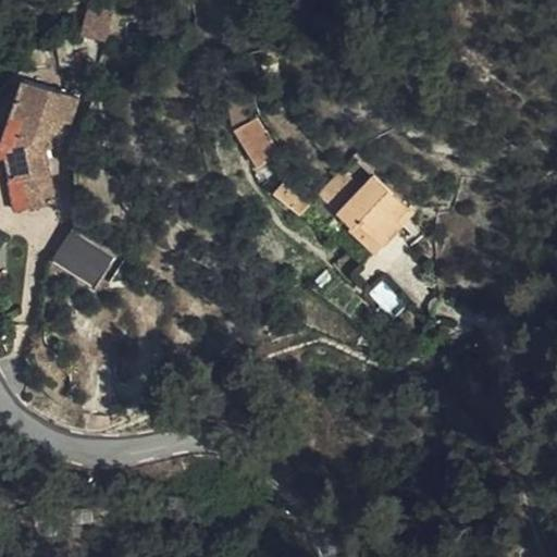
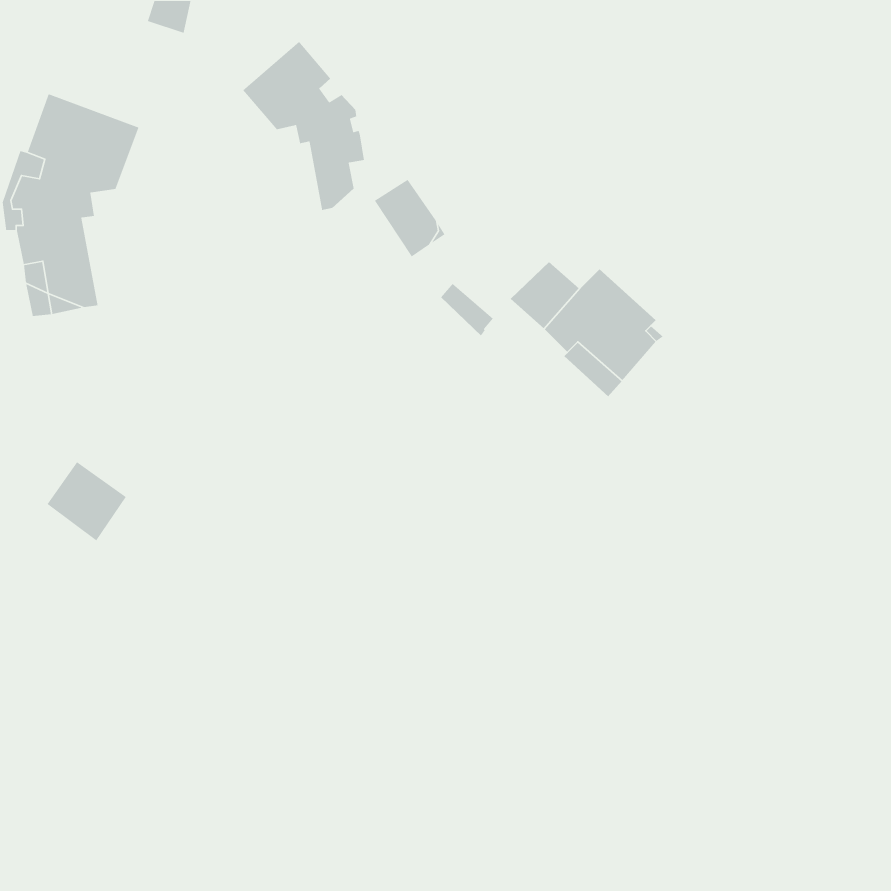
building: none -> [242,41,365,211]
building: [57,228,106,277] -> [46,461,127,542]

